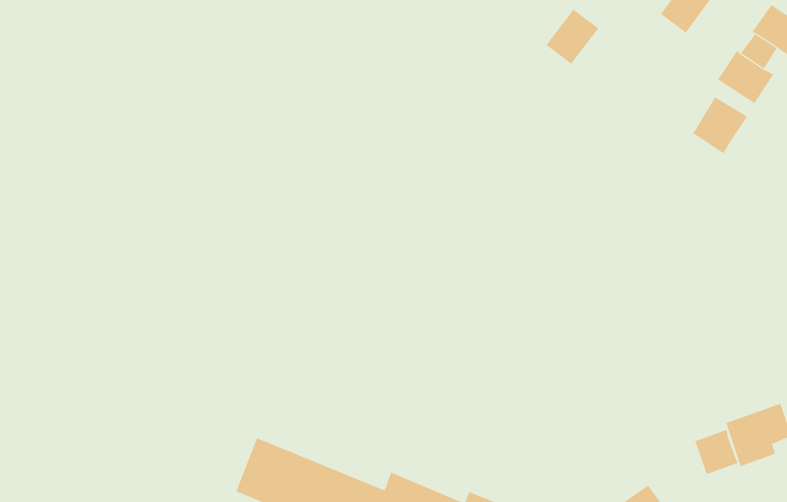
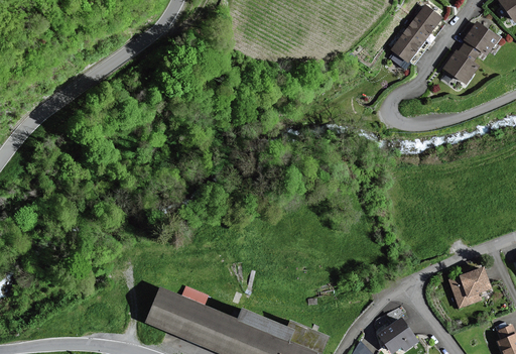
building: [545,9,599,64] -> [391,27,424,62]
building: [692,97,748,154] -> none
building: [694,429,739,475] -> none

